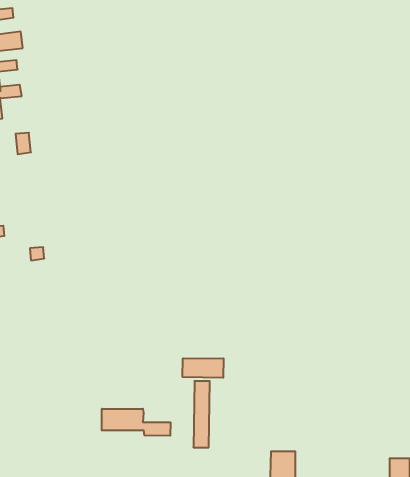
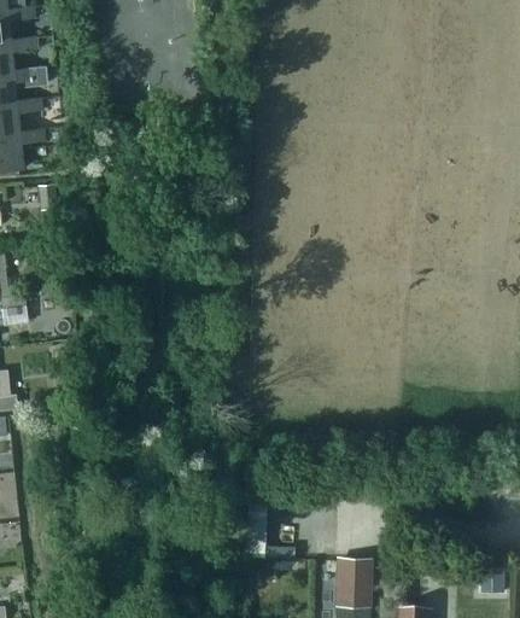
building: [183,358,223,378] -> none
building: [102,409,170,436] -> none

